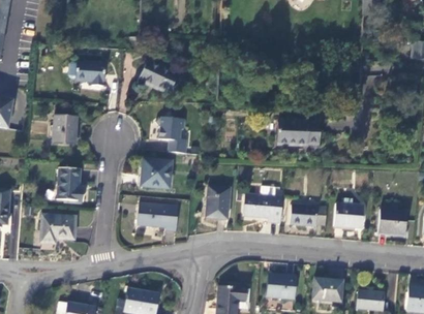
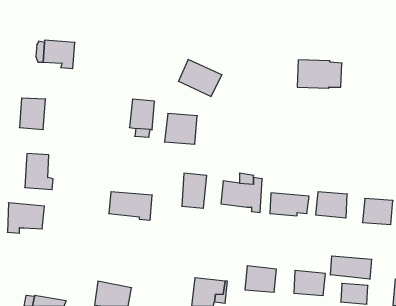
building: [138,59,179,94] -> [178,59,222,97]
building: [277,119,320,146] -> [297,60,342,88]
building: [140,159,171,188] -> [164,114,197,144]
building: none -> [330,256,372,279]

